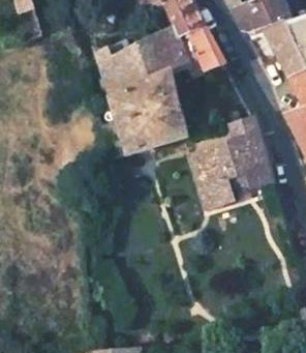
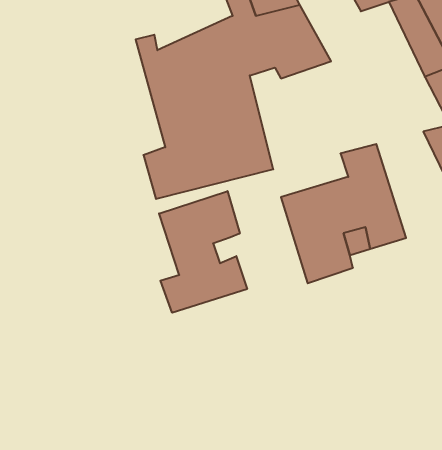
building: none -> [159,191,247,313]

